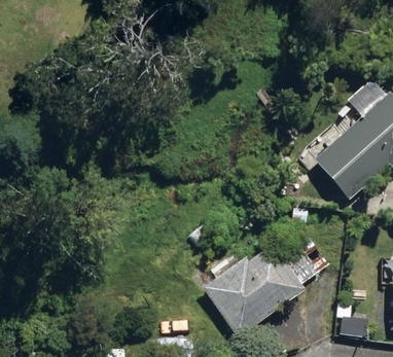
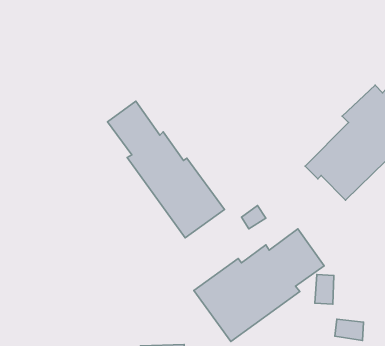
building: none -> [108,101,224,238]

